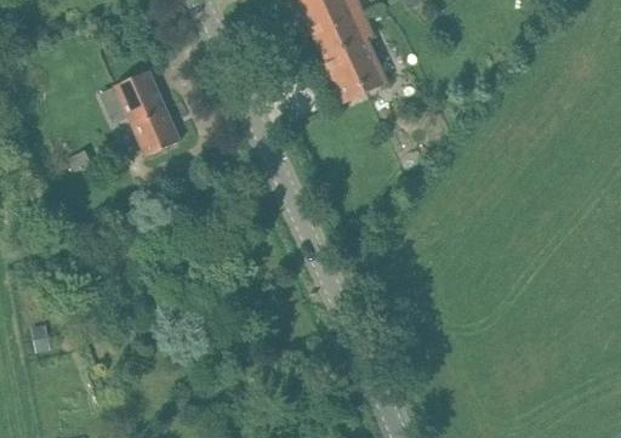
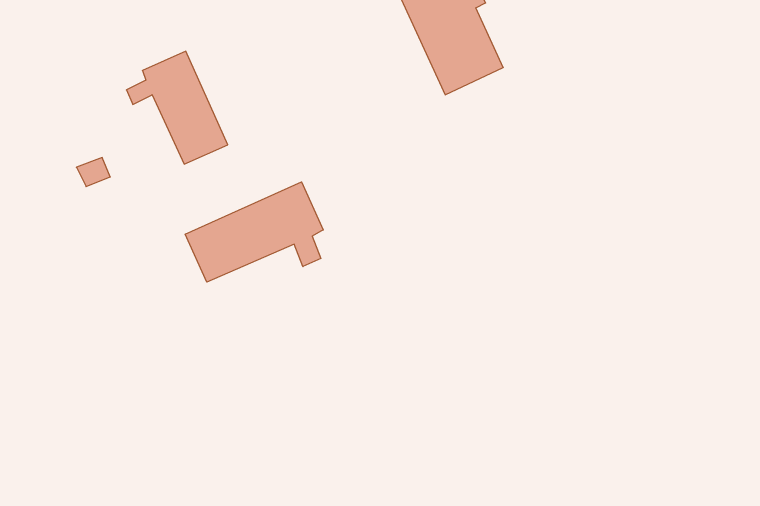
building: none -> [185,182,323,282]

